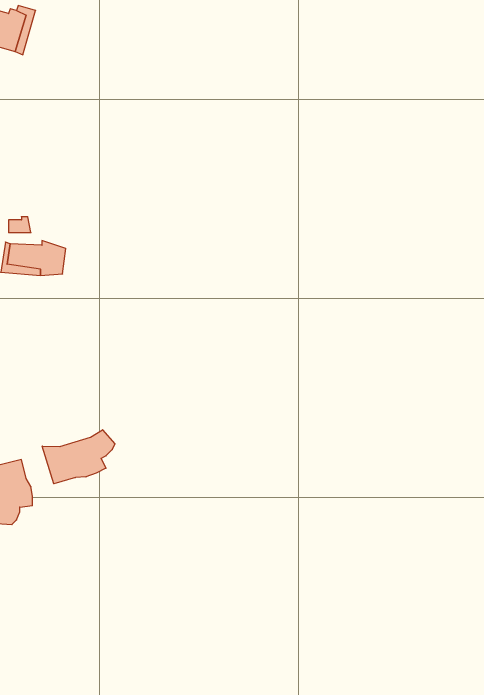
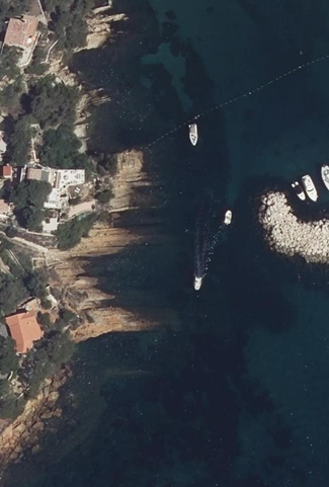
building: [42,430,115,484] -> none

